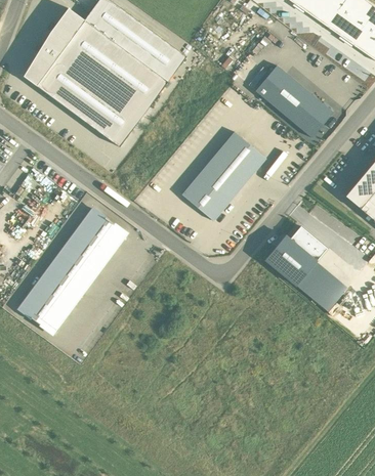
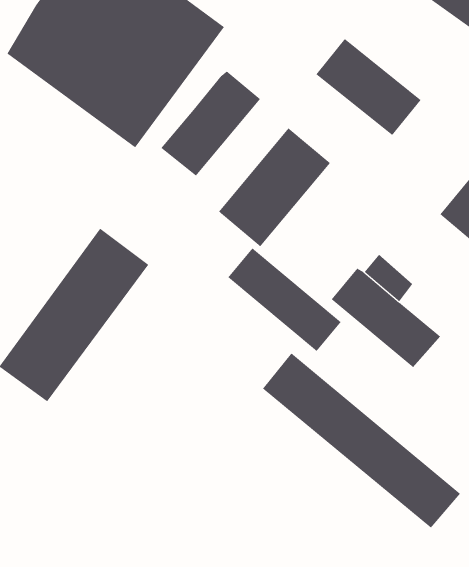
building: none -> [161,70,261,177]
building: none -> [228,247,341,352]
building: none -> [262,352,461,528]

